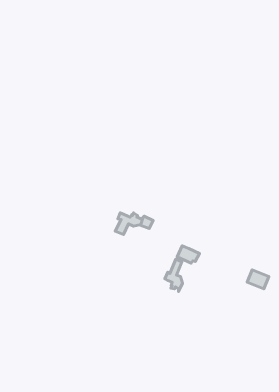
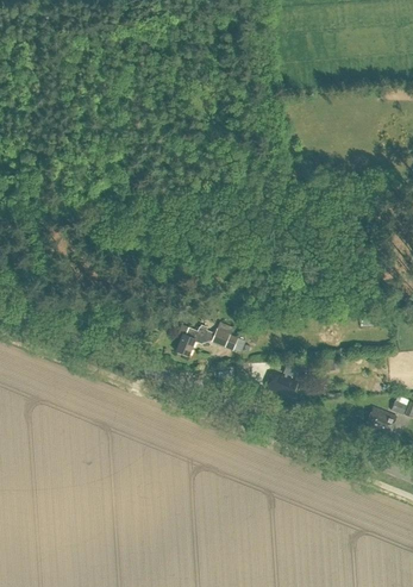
building: [165,259,183,292] -> none

